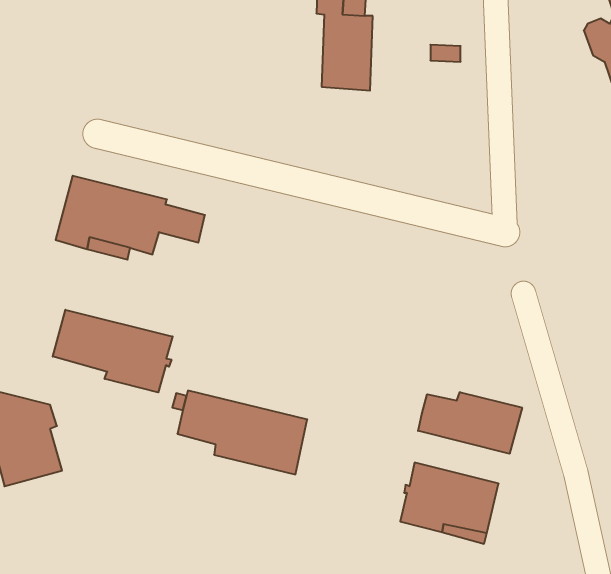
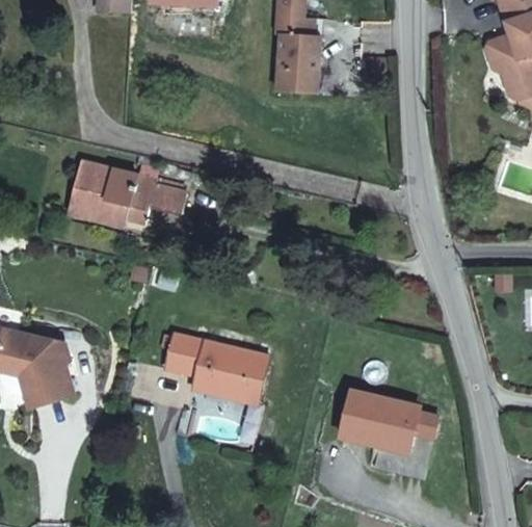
building: [53,310,173,392] -> none
building: [418,392,522,454] -> none

